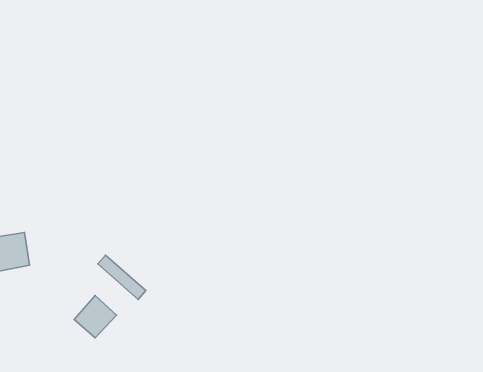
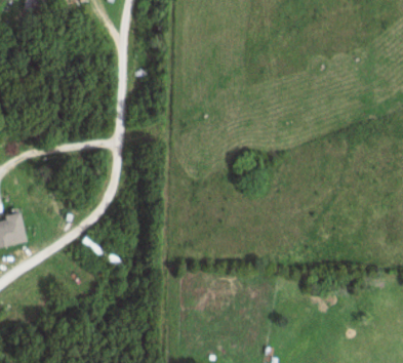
building: [74,295,117,338] -> none

